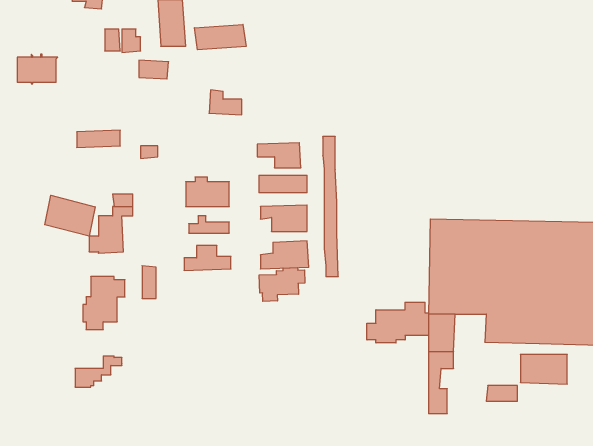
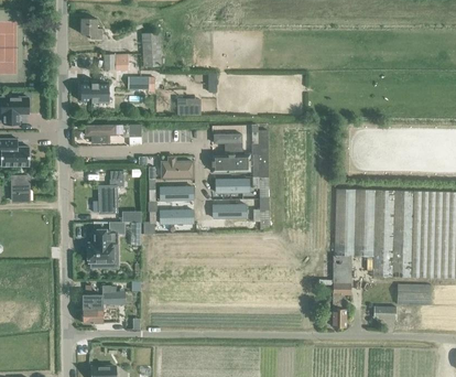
building: [194,24,246,50] -> none
building: [17,54,58,84] -> [80,82,109,103]
building: [45,195,95,236] -> none
building: [259,268,305,301] -> none
building: [367,302,429,343] -> none
building: none -> [82,291,124,323]

